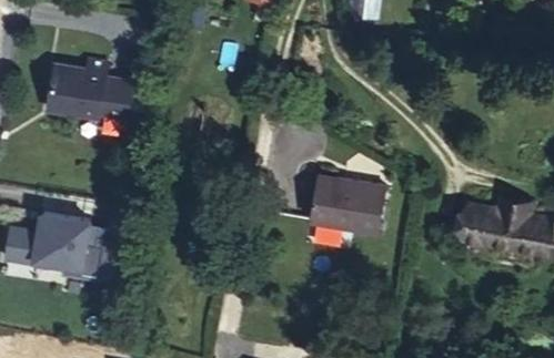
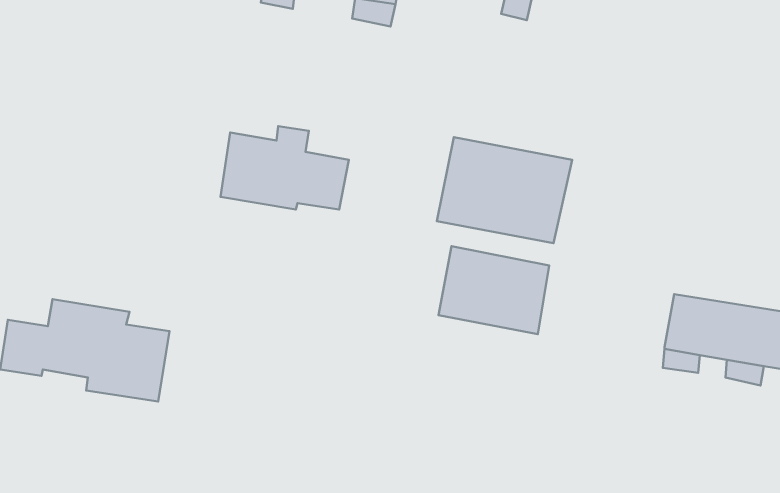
building: [48,60,137,117] -> [221,126,349,209]
building: none -> [437,137,572,243]

